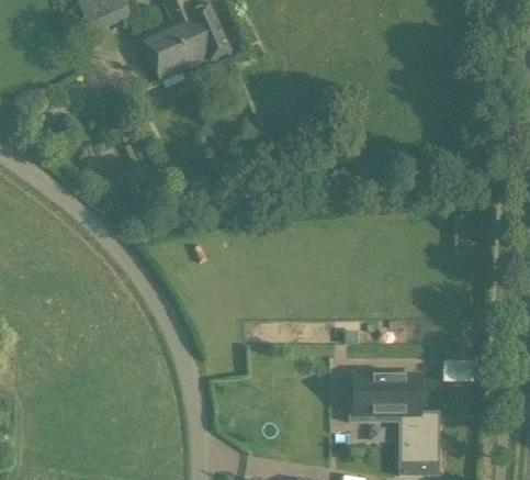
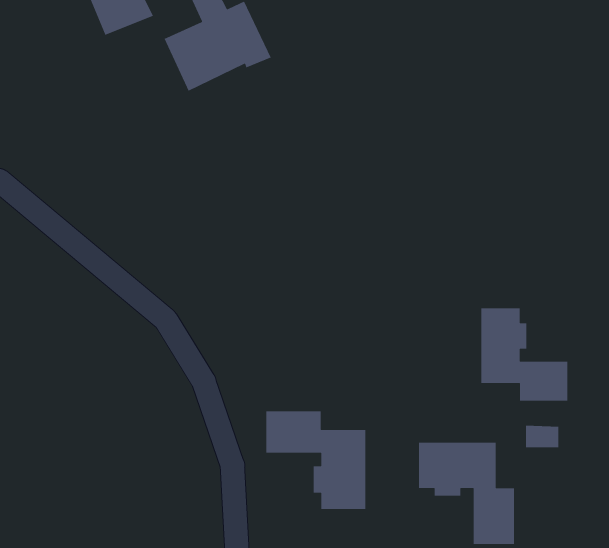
building: none -> [480,307,568,402]
building: none -> [266,411,366,510]

